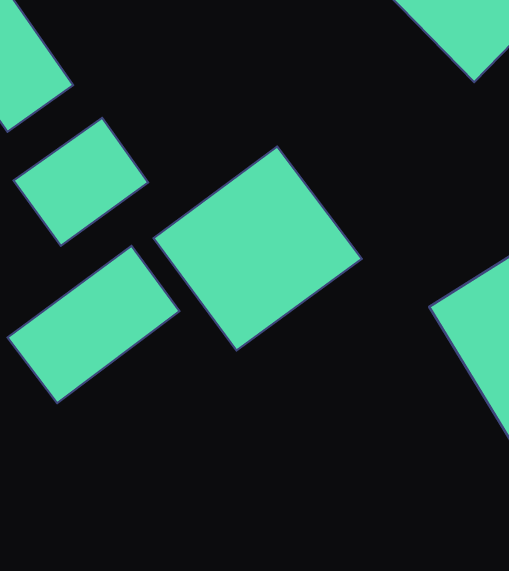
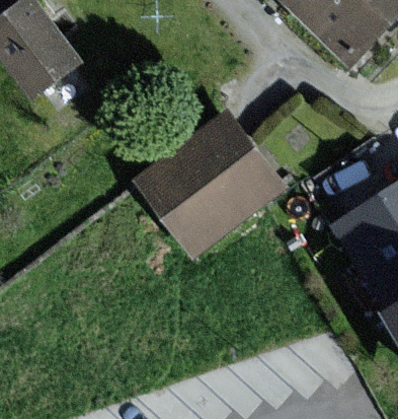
building: [13,118,148,246] -> none
building: [7,246,180,403] -> none

